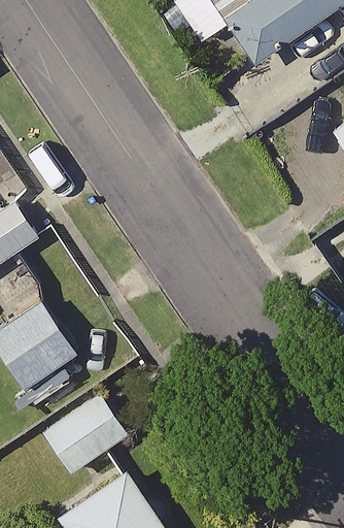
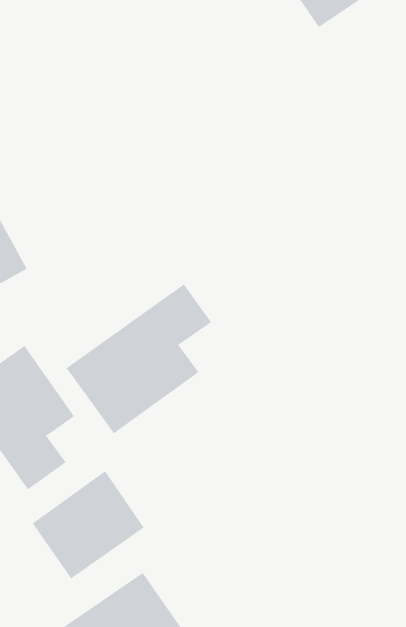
building: none -> [66,283,212,434]

